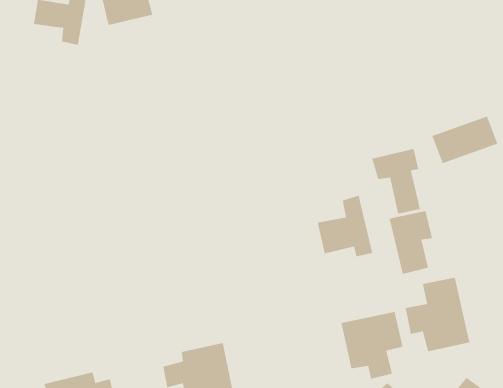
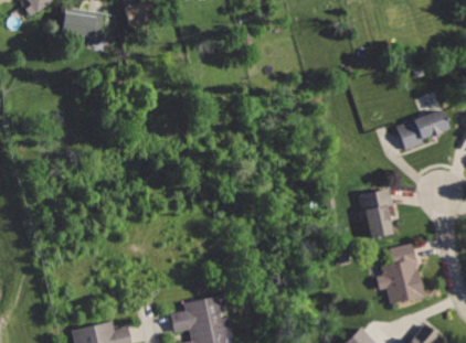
building: [372,148,421,215] -> none
building: [317,195,373,257] -> none
building: [341,311,403,379] -> none

